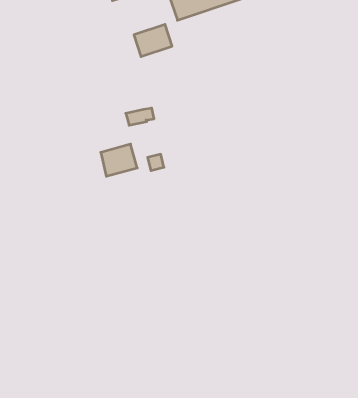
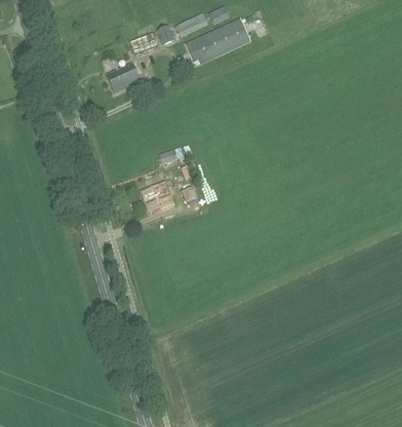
building: [134,24,172,57] -> [106,62,140,92]

